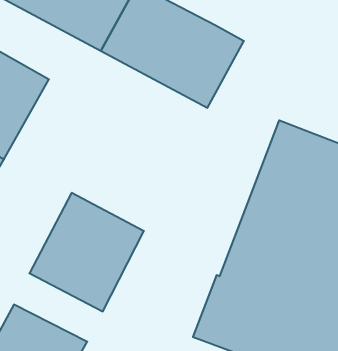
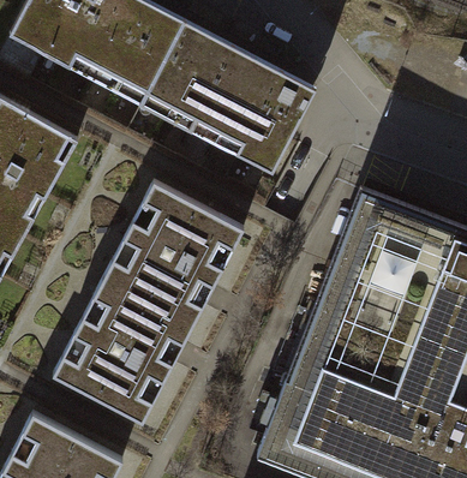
building: none -> [104,184,244,325]

